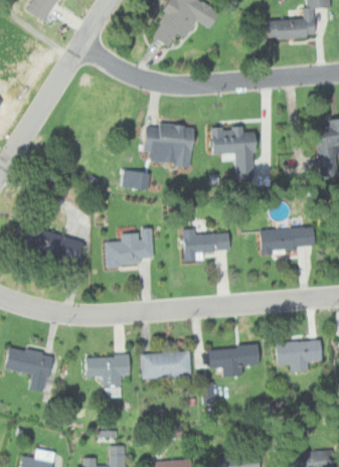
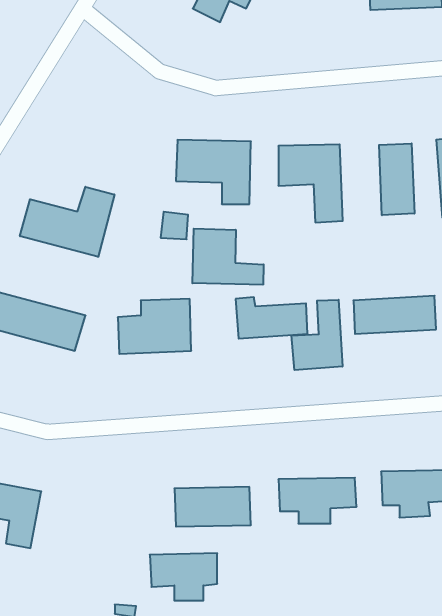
building: none -> [379,143,414,215]
building: none -> [20,187,114,257]
building: none -> [192,229,264,285]
building: none -> [291,300,342,370]
building: [87,355,131,386] -> [150,553,217,601]

